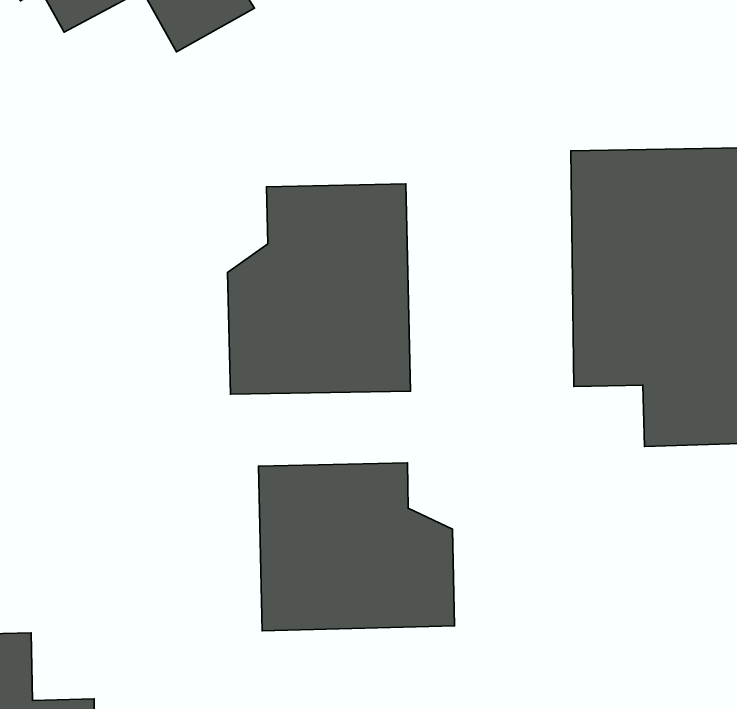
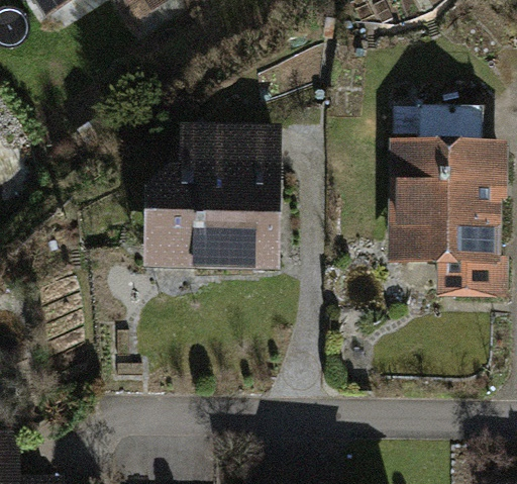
building: [258,463,454,631] -> none

